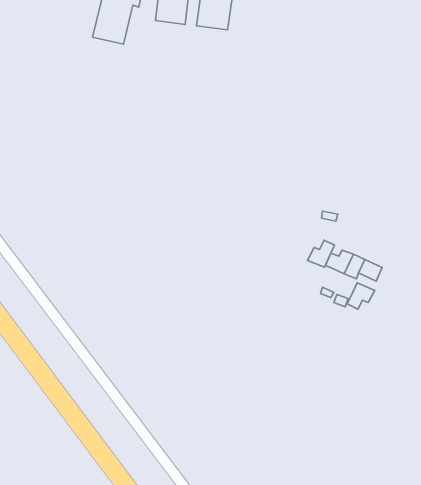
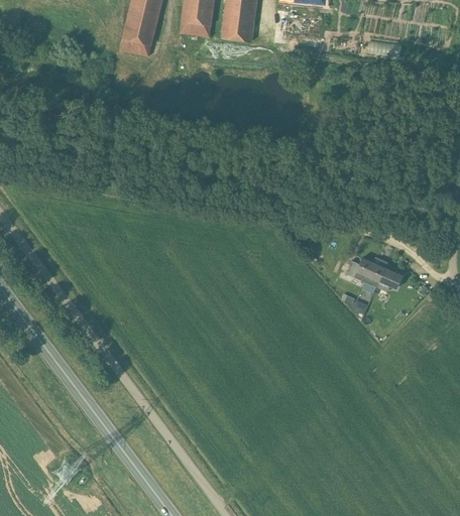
building: [308,240,334,267] -> none
building: [347,283,375,309] -> none

